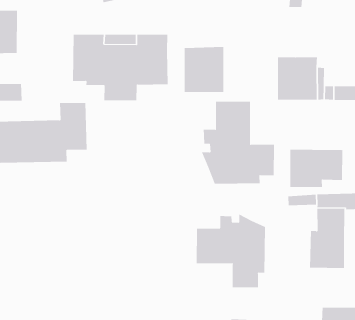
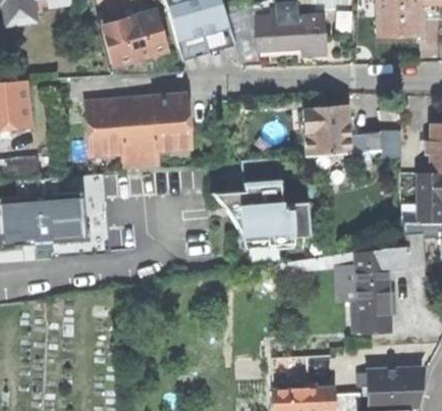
building: [184,46,224,93] -> none
building: [290,149,343,188] -> none
building: [196,213,265,288] -> none

